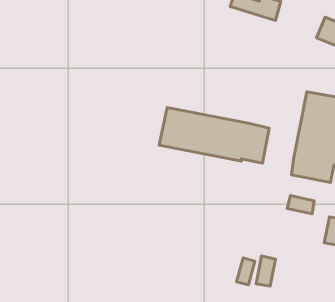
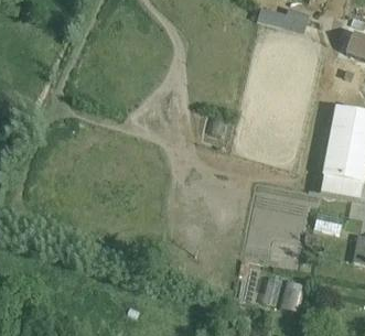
building: [159,108,269,163] -> none

